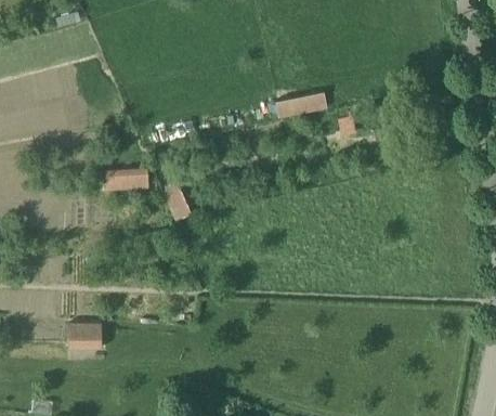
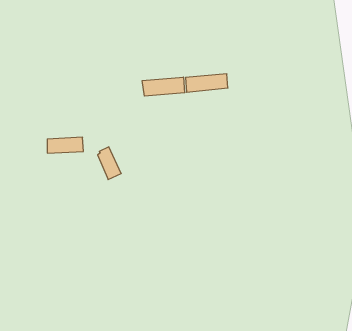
building: none -> [142,77,185,96]
building: [69,323,104,350] -> none

